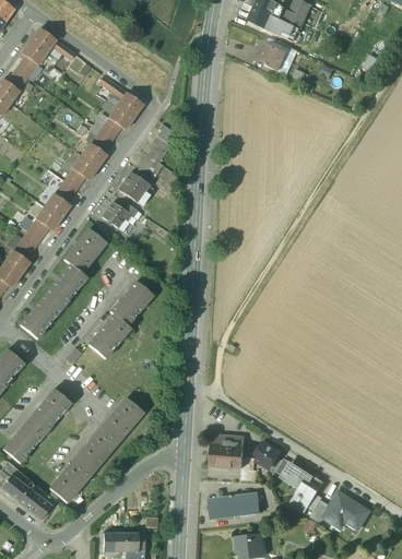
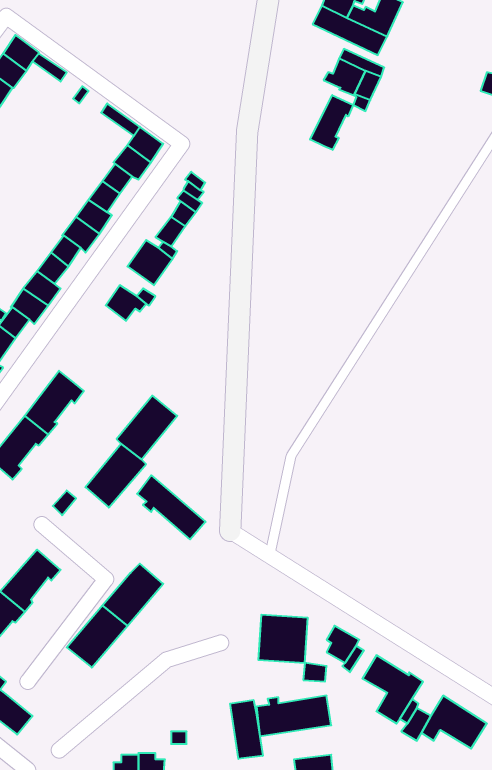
building: none -> [310,95,353,150]
building: [63,228,104,272] -> none
building: none -> [137,475,206,539]
building: [49,457,92,502] -> none
building: none -> [230,700,263,759]

